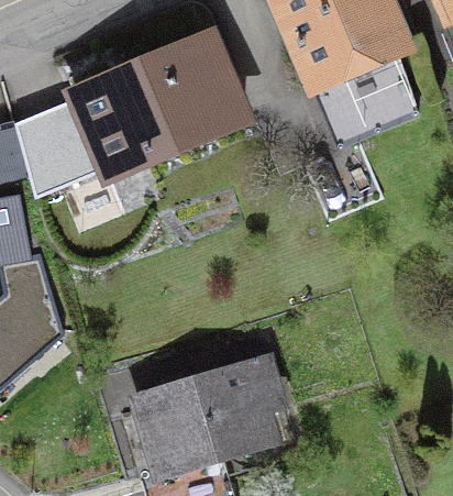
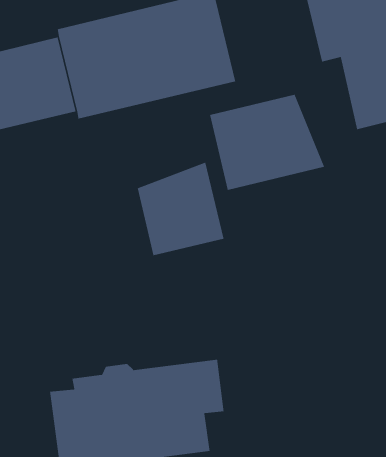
building: none -> [209,94,325,191]
building: none -> [137,162,224,256]

